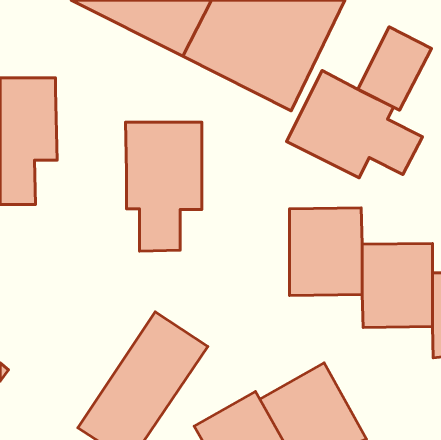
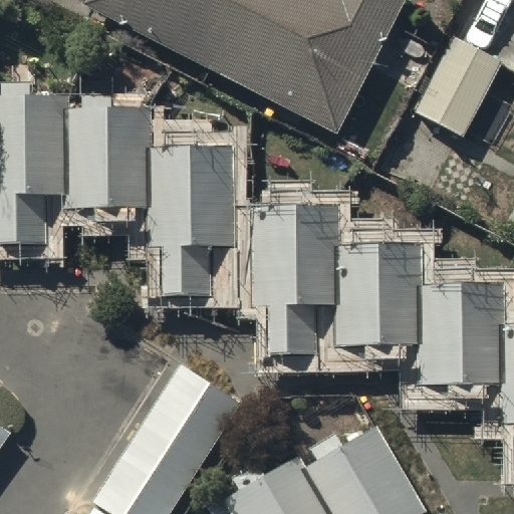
building: [287,70,423,178] -> none
building: none -> [66,106,149,203]
building: none -> [253,207,337,352]

